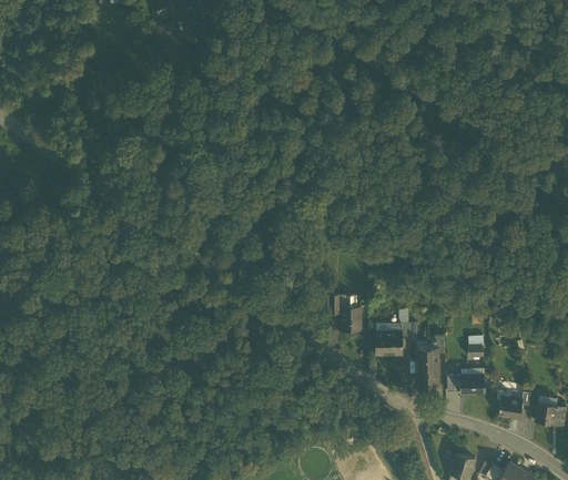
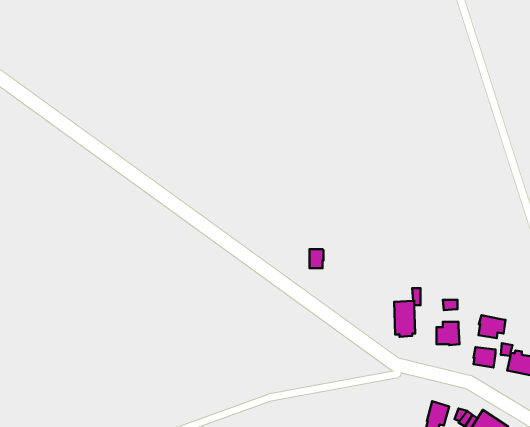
building: [341,293,361,329] -> none
building: [375,323,403,353] -> none
building: none -> [478,315,505,338]

